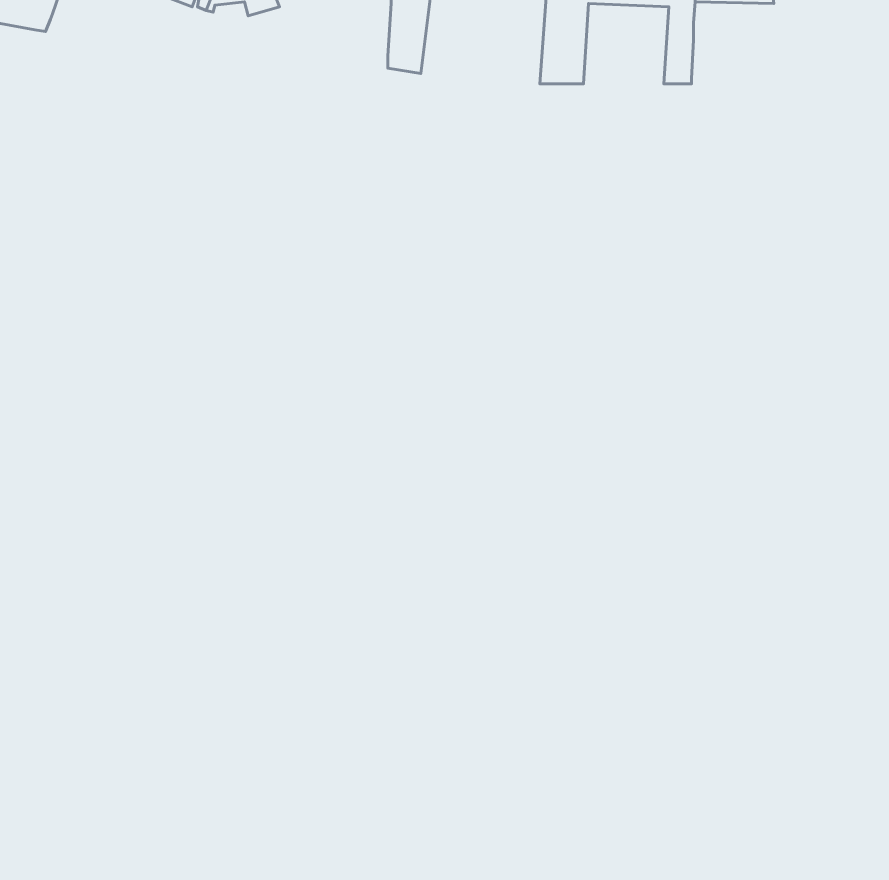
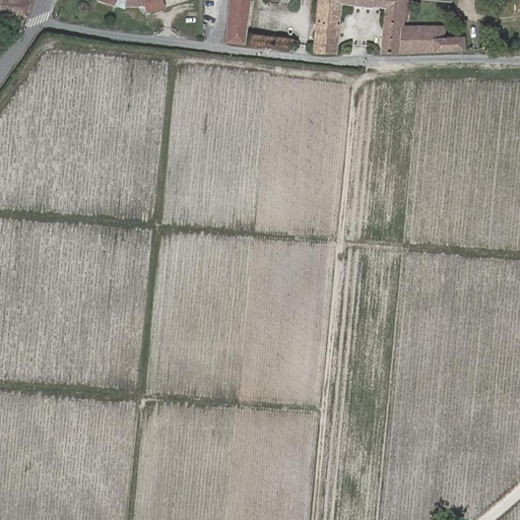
building: none -> [402,23,463,50]

